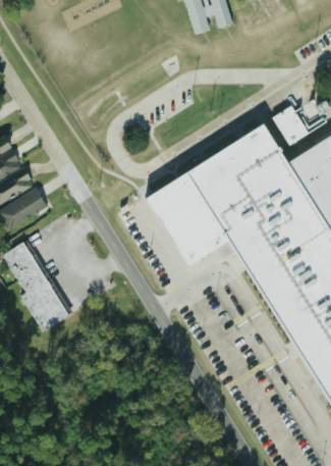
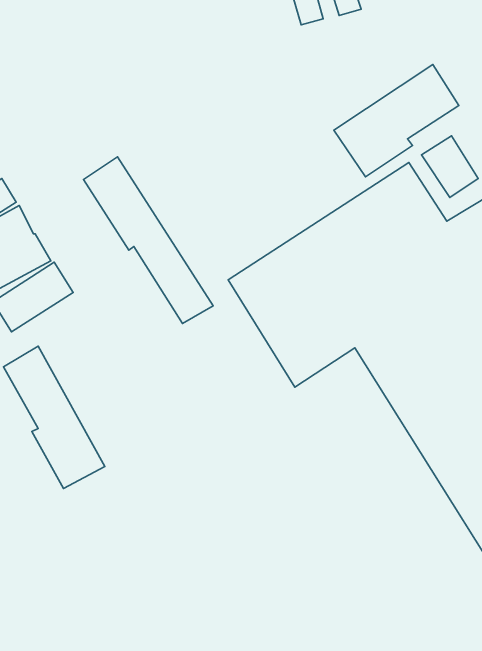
building: none -> [334,64,459,177]
building: none -> [84,157,213,323]

